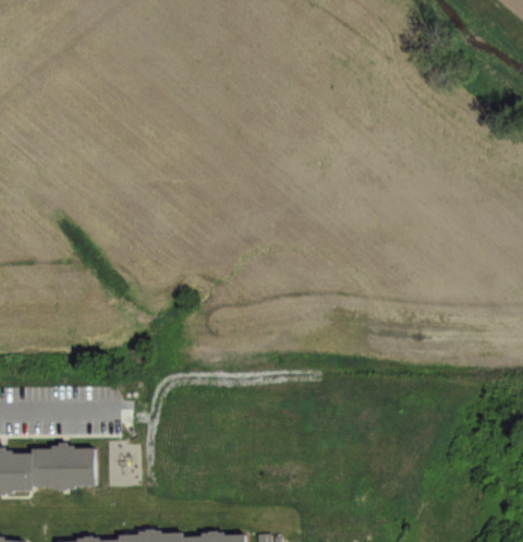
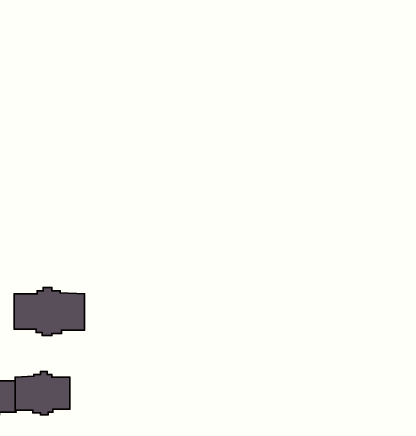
building: none -> [14,288,85,335]

